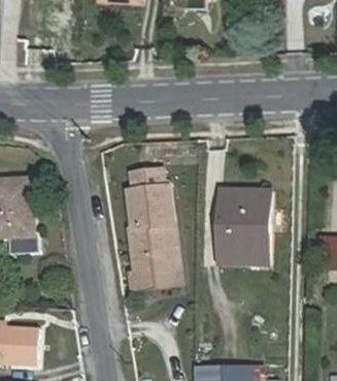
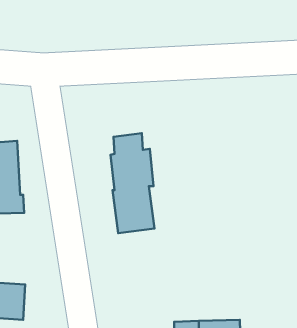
building: [218,190,268,261] -> none

